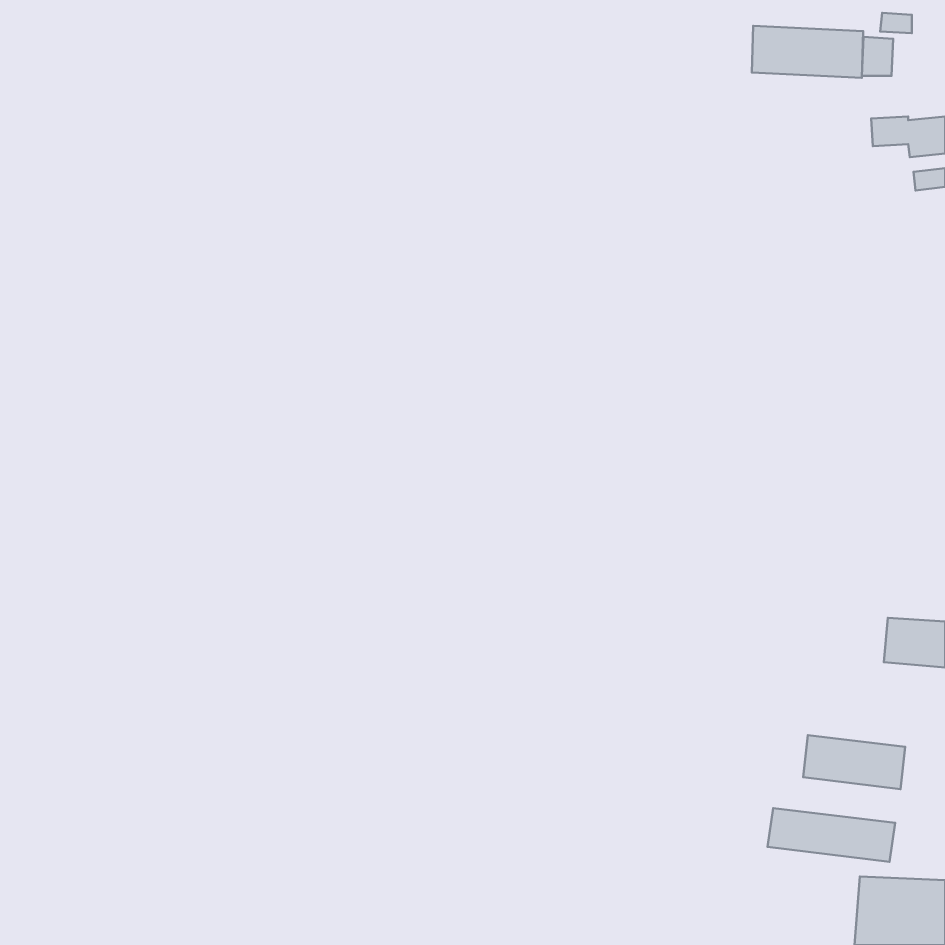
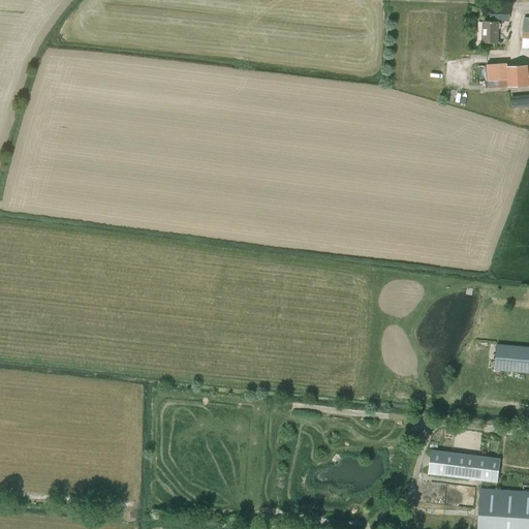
building: [752,26,863,78] -> none
building: [803,735,905,789] -> none

